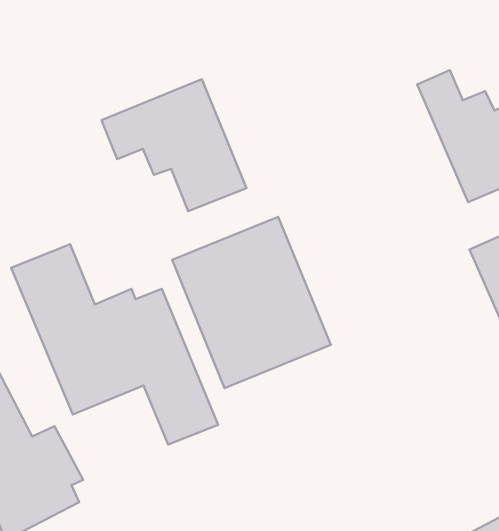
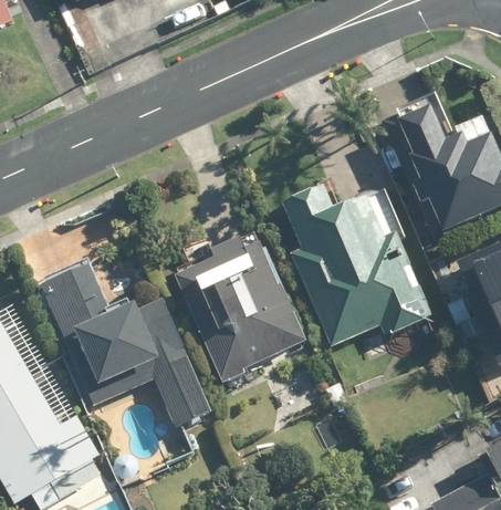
building: [101,79,247,211] -> none
building: none -> [281,183,432,346]

